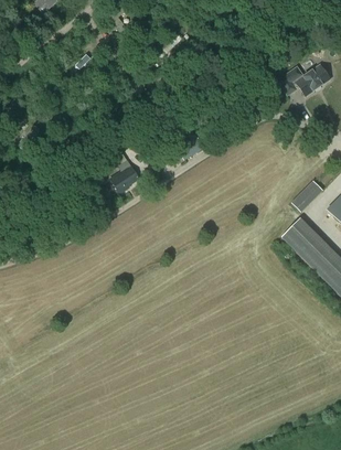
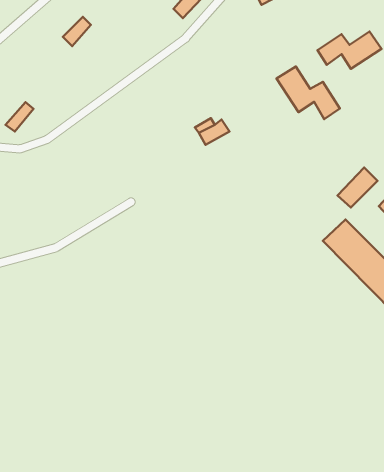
building: none -> [276,66,340,119]
building: [110,159,139,193] -> none

